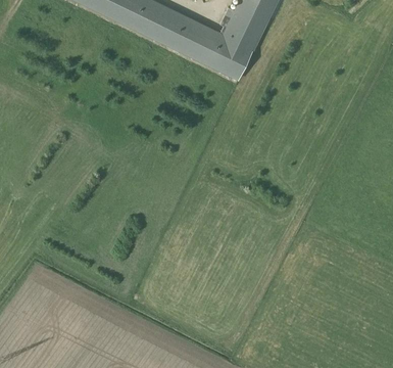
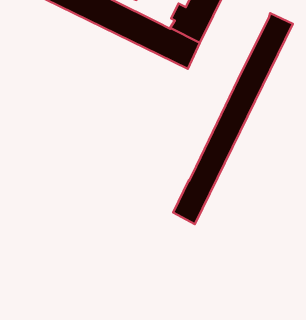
building: none -> [173,13,293,224]

